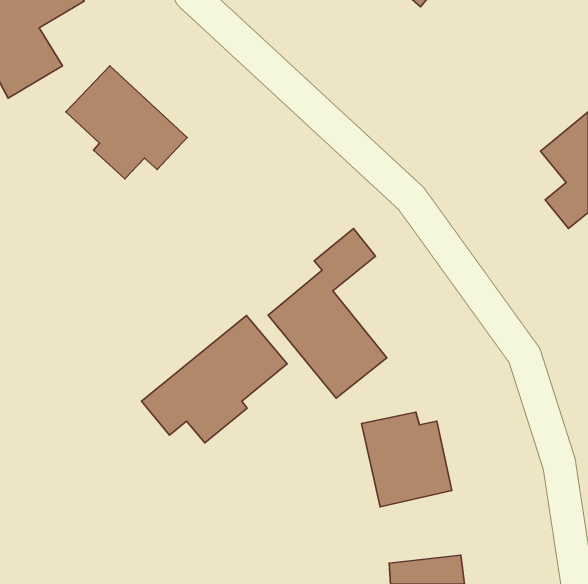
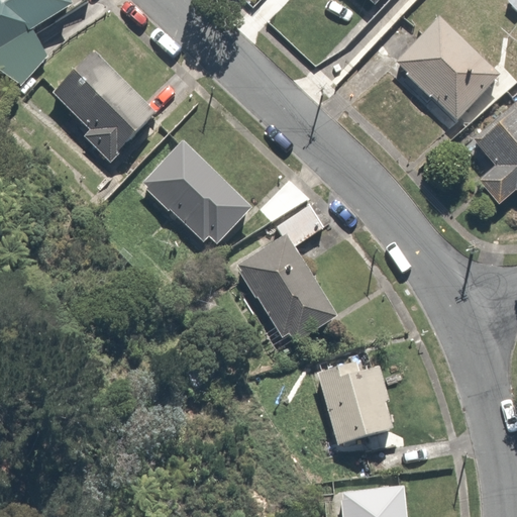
building: none -> [395,15,505,126]
building: none -> [142,143,251,240]
building: [142,316,287,443] -> none

